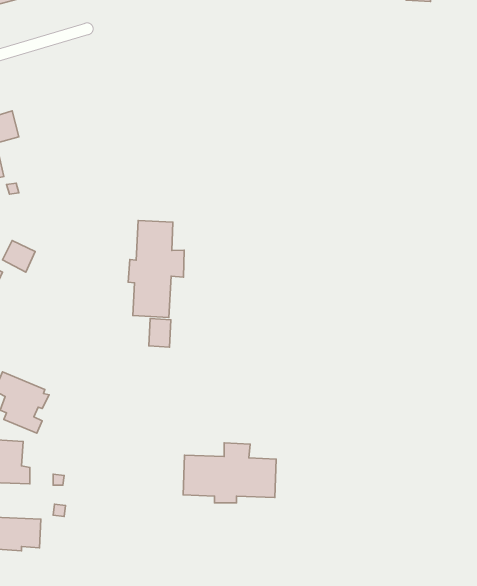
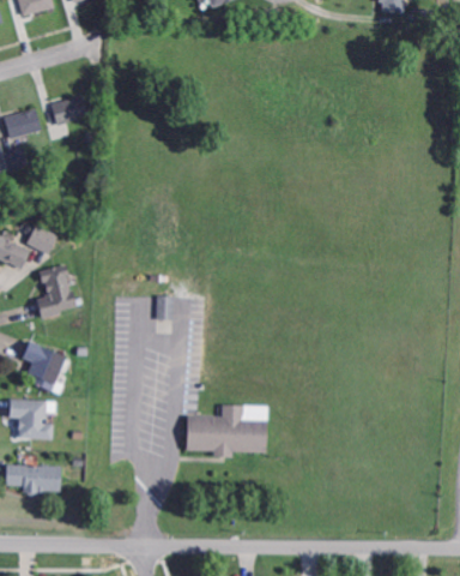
building: none -> [52,96,89,126]
building: [128,220,184,317] -> none
building: none -> [35,263,80,319]

